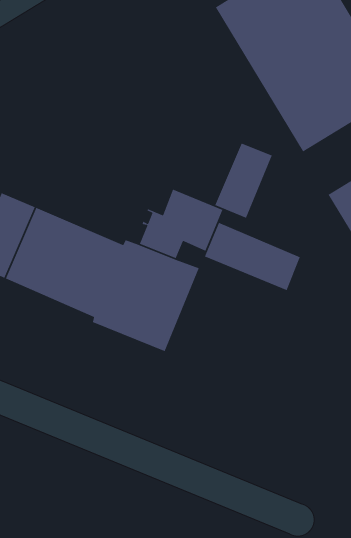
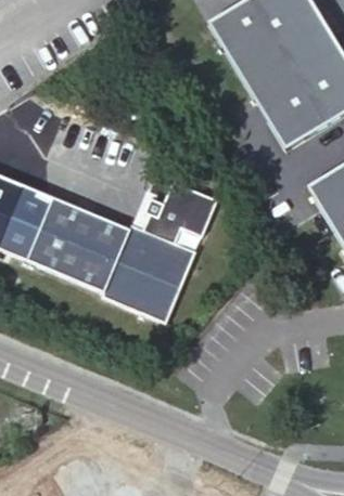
building: [214,143,273,219] -> none
building: [204,222,301,291] -> none

